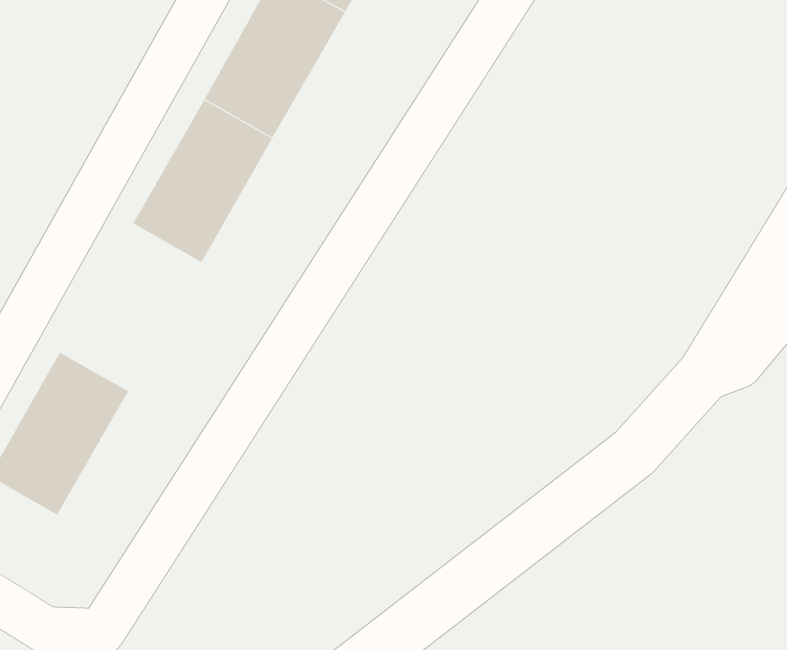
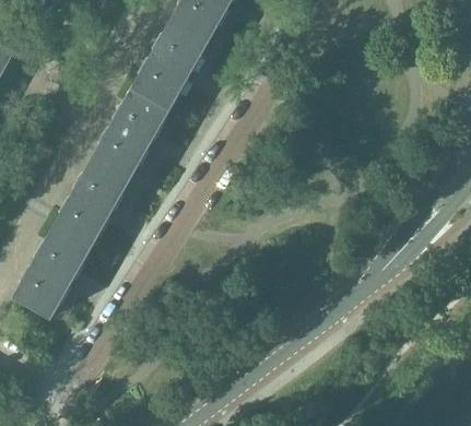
building: none -> [51,155,130,248]

